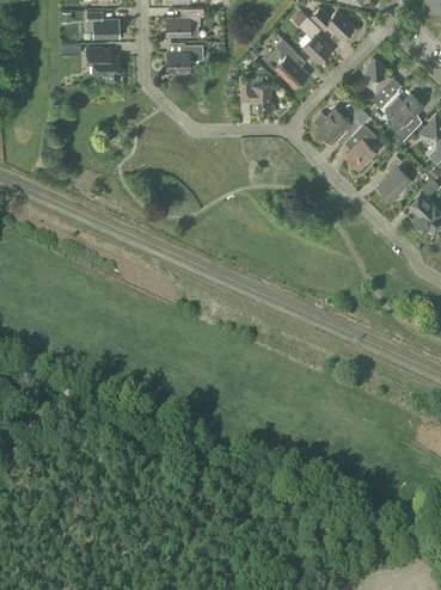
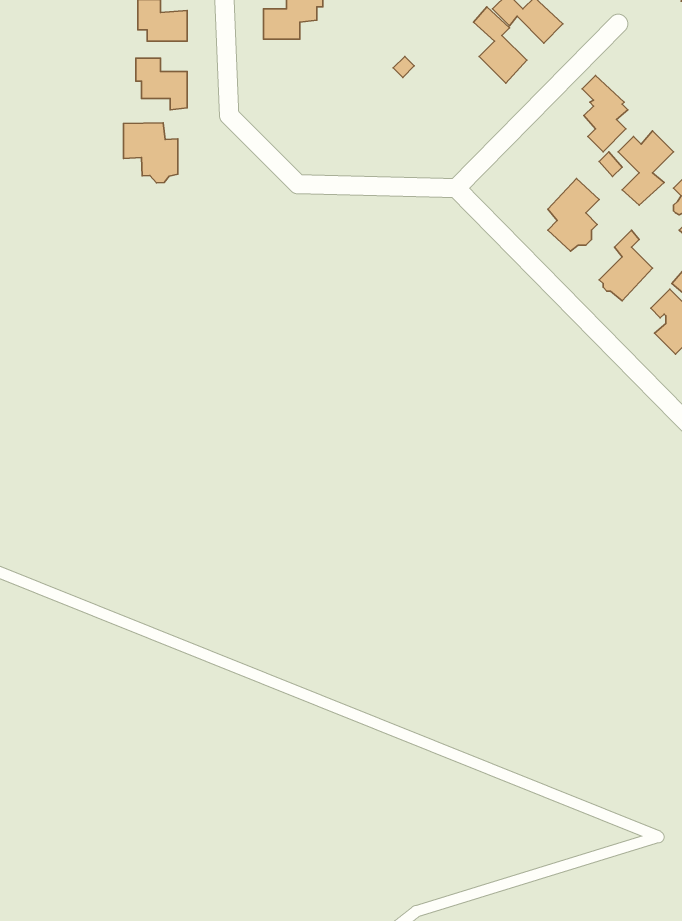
building: [275,37,308,87] -> none
building: [167,44,203,72] -> none
building: [241,79,275,113] -> none
building: none -> [123,123,178,183]
building: [314,112,362,142] -> none

